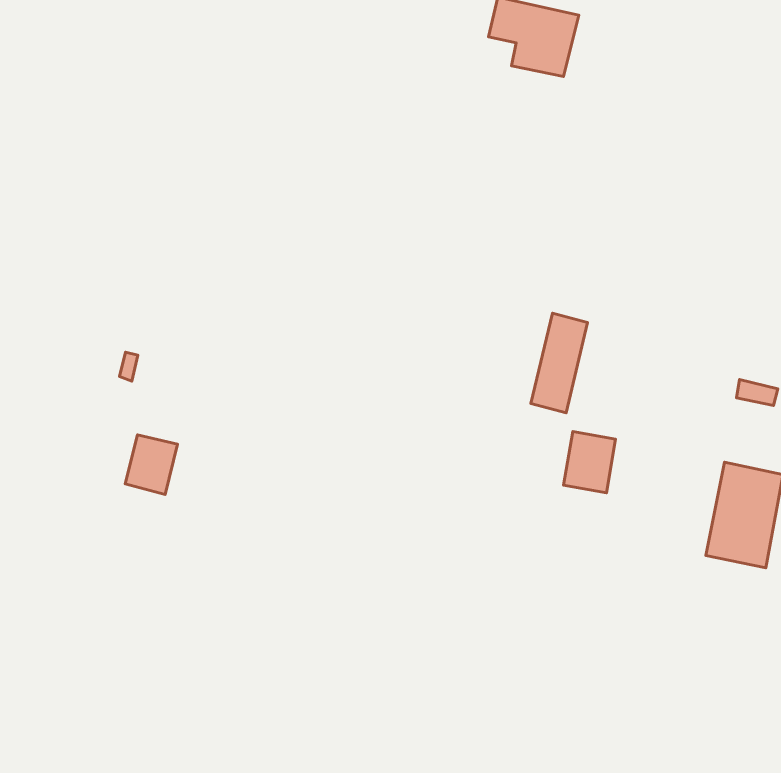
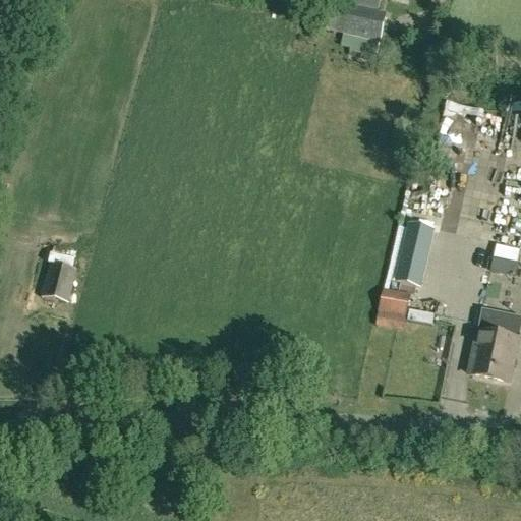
building: [531,313,588,413] -> [397,221,435,287]
building: [125,435,177,495] -> [43,260,77,300]

